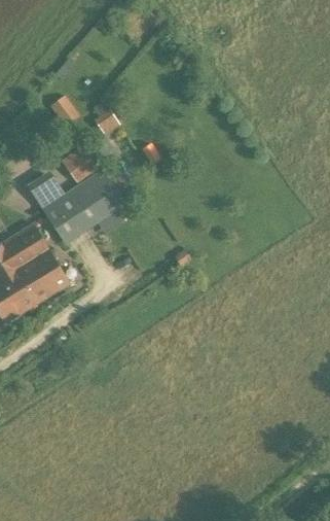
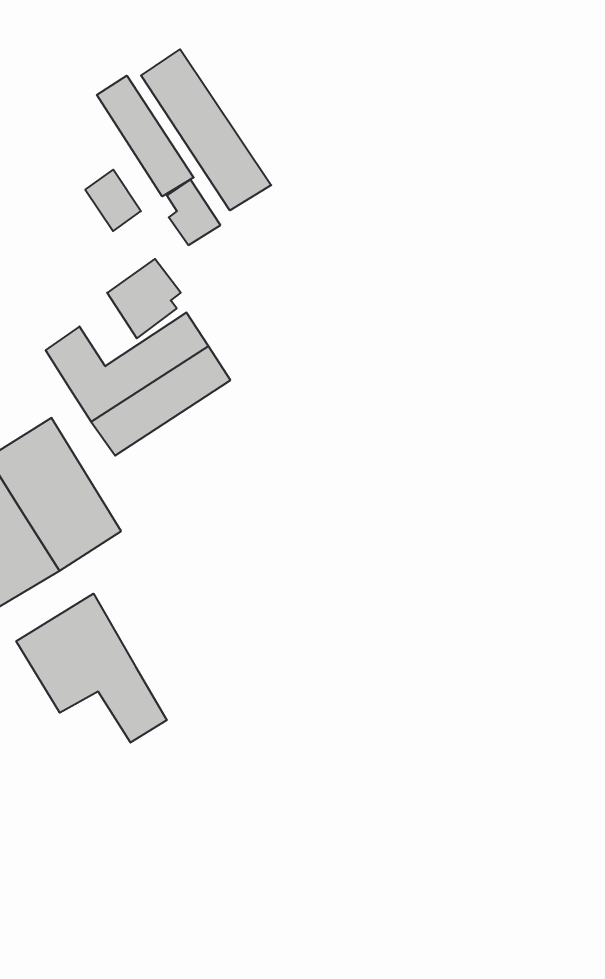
building: none -> [141,49,271,210]
building: none -> [97,76,194,196]
building: none -> [16,594,167,743]

